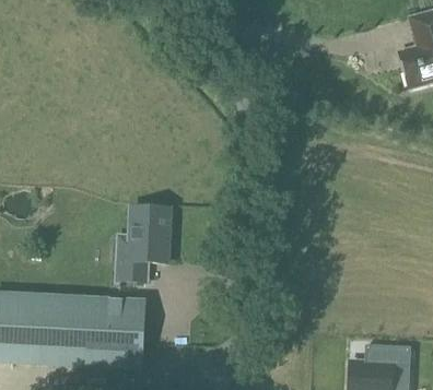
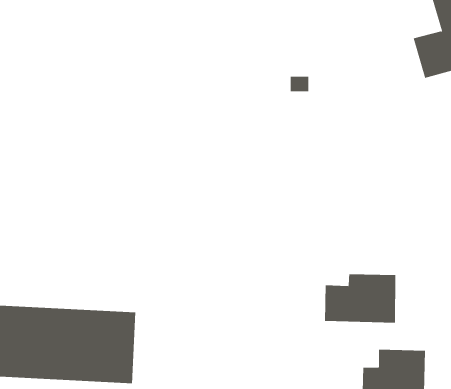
building: [117,205,168,280] -> none
building: none -> [324,273,396,324]

